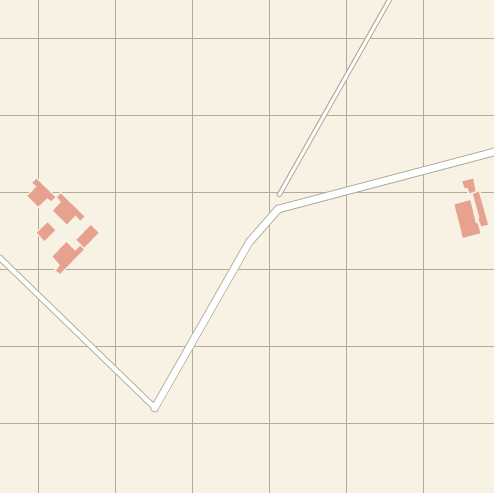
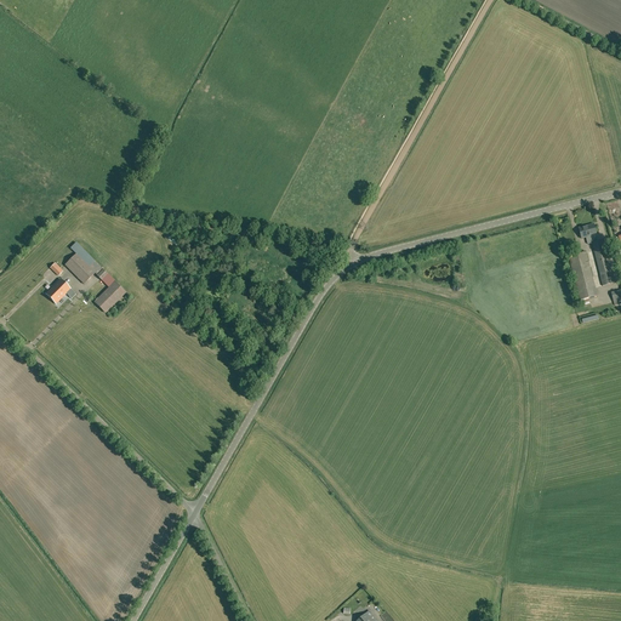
building: [26,178,56,207] -> none
building: [51,241,85,275] -> none

